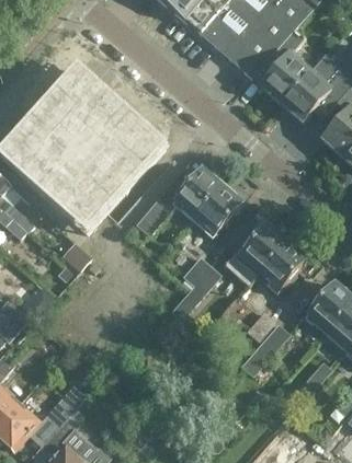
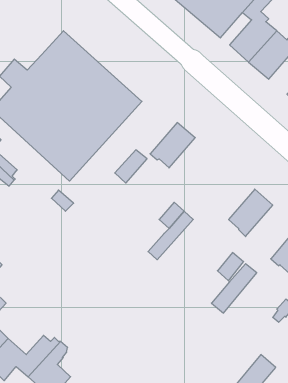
building: [195,185,243,236] -> none
building: [227,224,288,283] -> none

